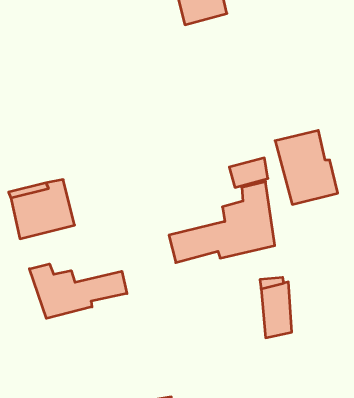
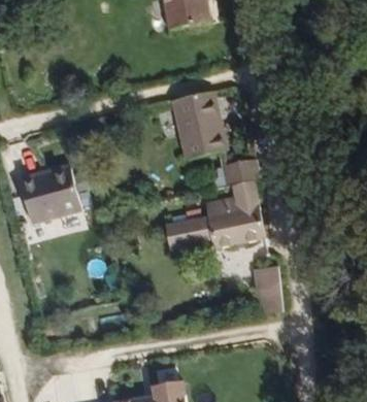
building: [275,130,338,204] -> [174,92,231,159]
building: [29,264,127,318] -> none

